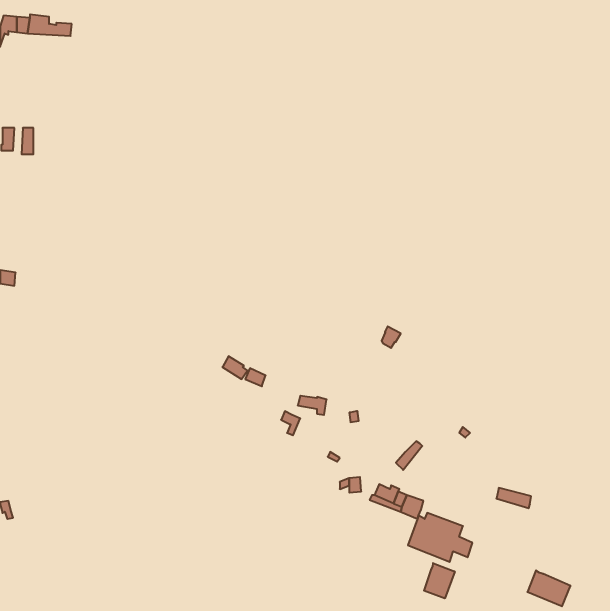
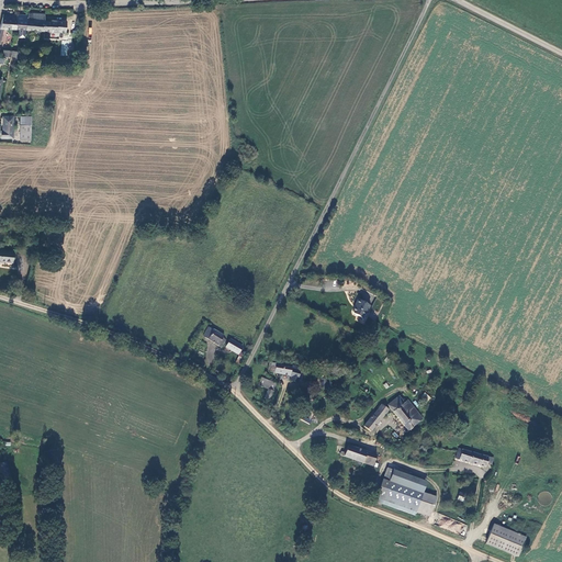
building: none -> [390,395,423,429]
building: [424,563,455,598] -> none

